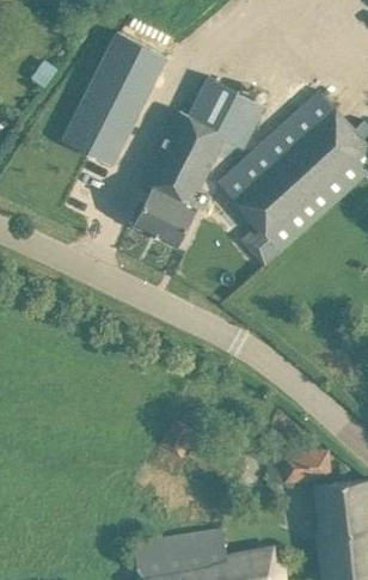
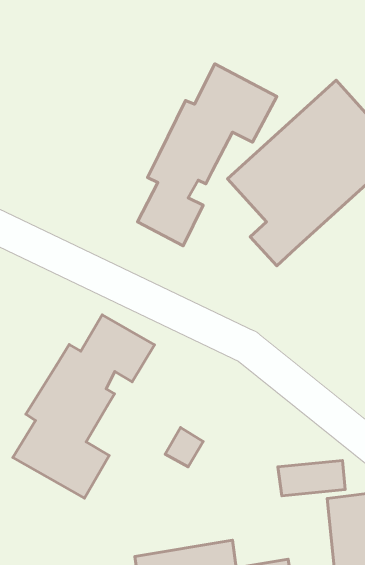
building: [62,31,167,166] -> none
building: none -> [13,315,155,498]

